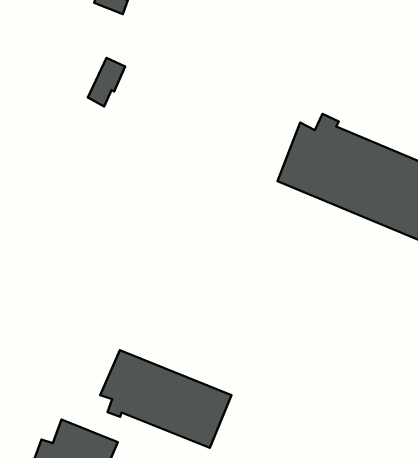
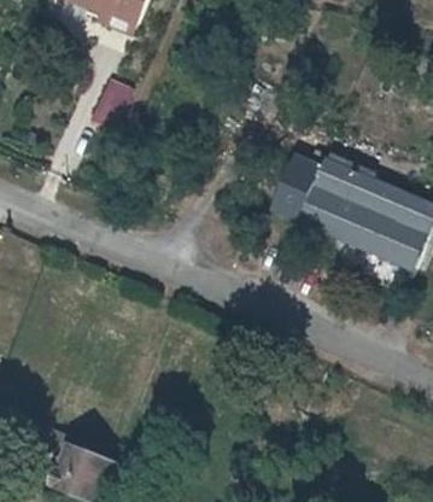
building: [100,350,231,448] -> none

